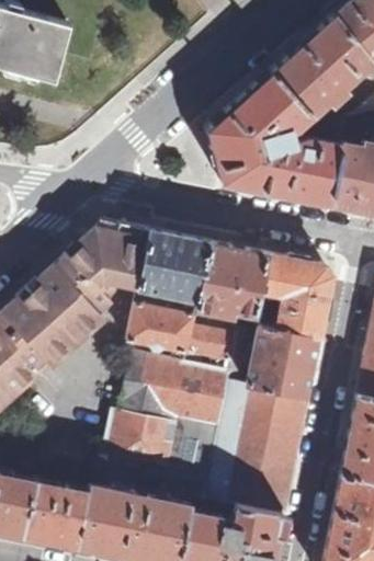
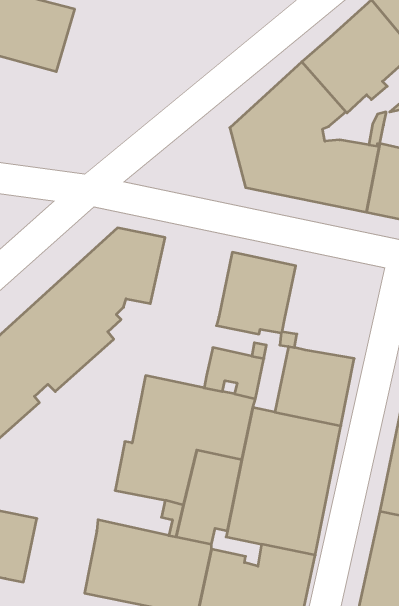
building: [136,229,209,300] -> none
building: [257,254,332,337] -> none
building: [126,305,194,353] -> none
building: [22,481,88,548] -> none

